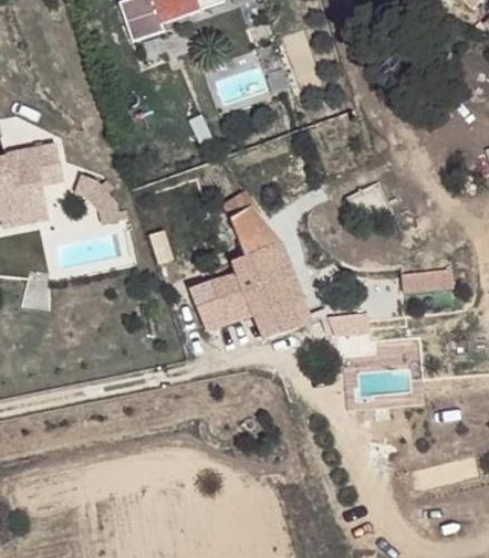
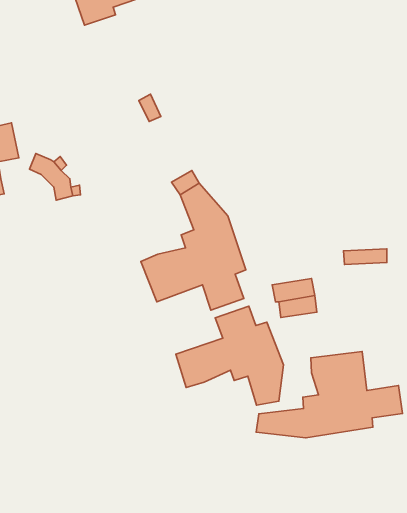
building: none -> [176,306,283,405]
building: none -> [256,352,403,438]

